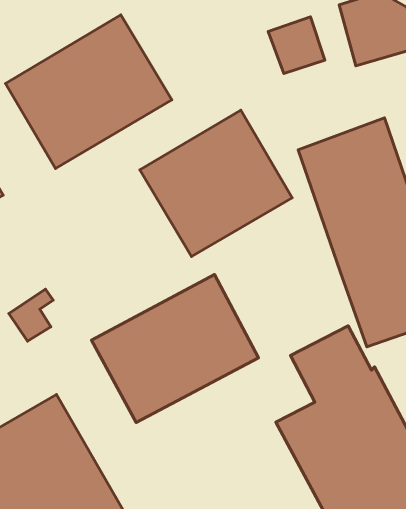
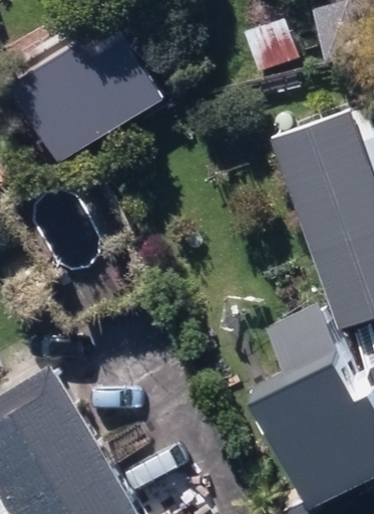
building: [140,110,292,257] -> none
building: [92,275,258,422] -> none

